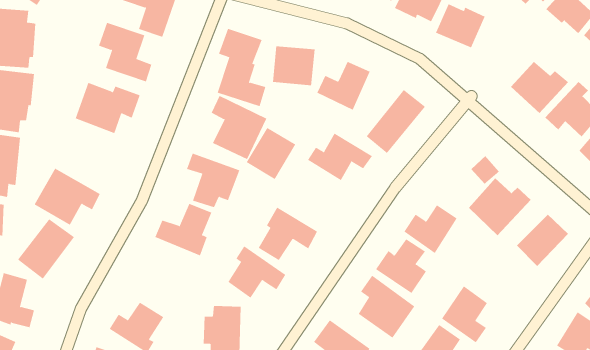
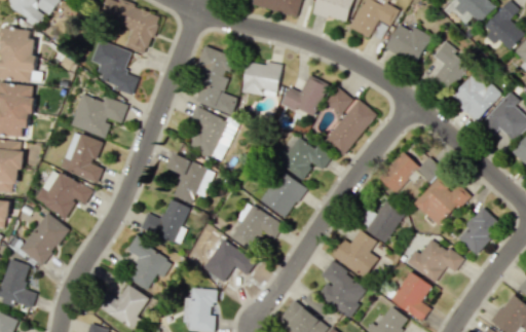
building: none -> [430,41,472,93]
building: none -> [325,87,352,114]
building: none -> [60,131,103,182]
building: [246,127,296,180] -> [261,171,305,217]
building: none -> [378,150,419,192]
building: none -> [126,237,173,289]
building: none -> [406,237,463,283]

